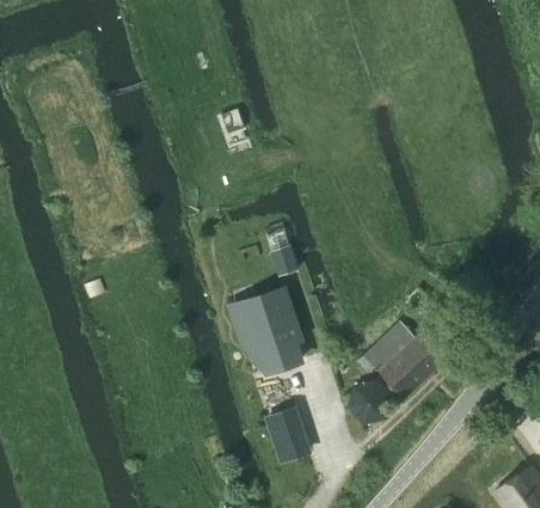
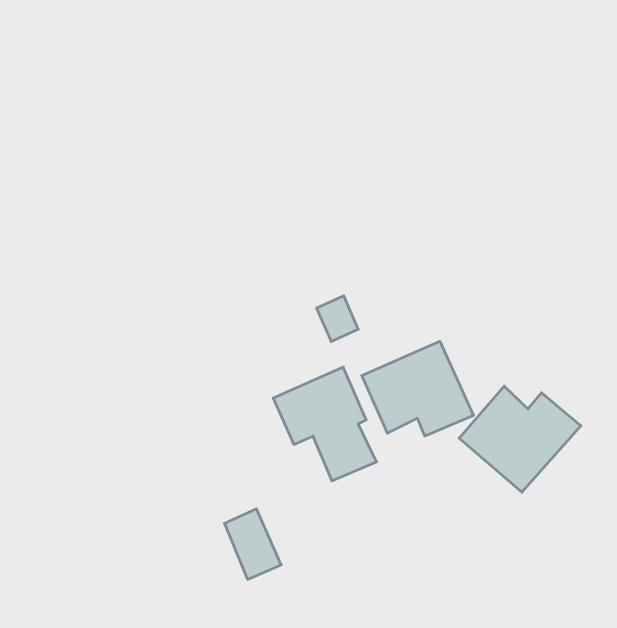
building: none -> [362,341,474,436]
building: [268,409,306,459] -> [224,509,281,579]

